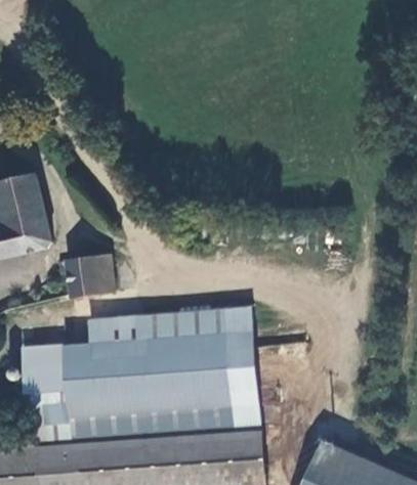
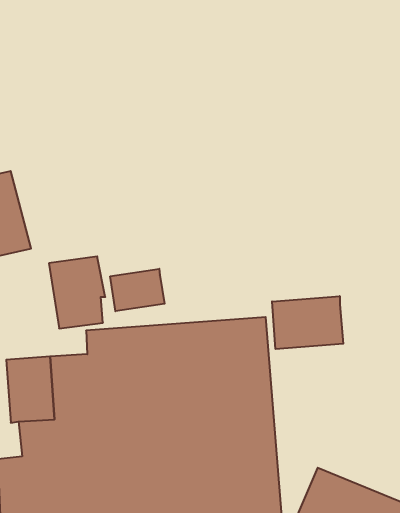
building: none -> [110,269,165,311]
building: none -> [272,296,343,349]

